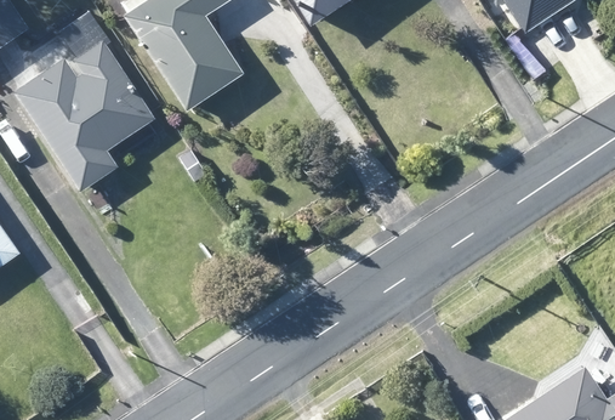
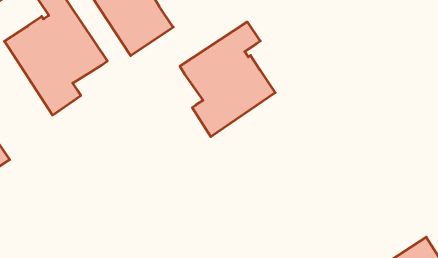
building: none -> [180,22,275,137]

